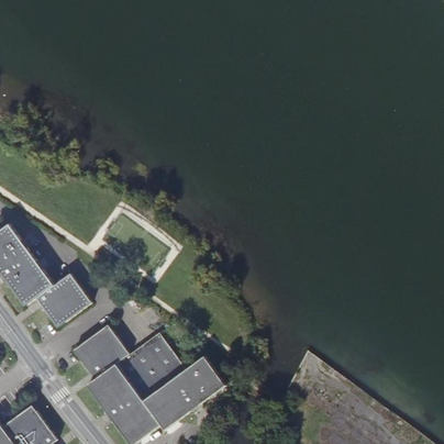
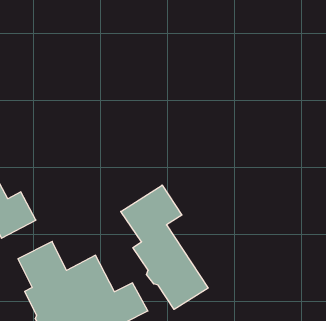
building: none -> [121,185,208,309]

